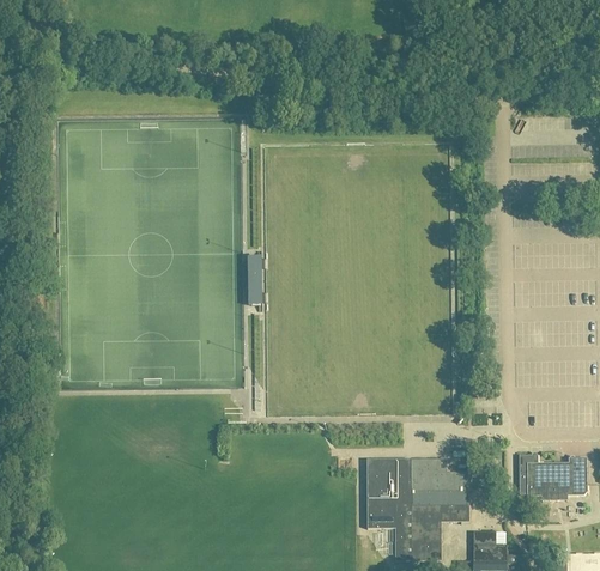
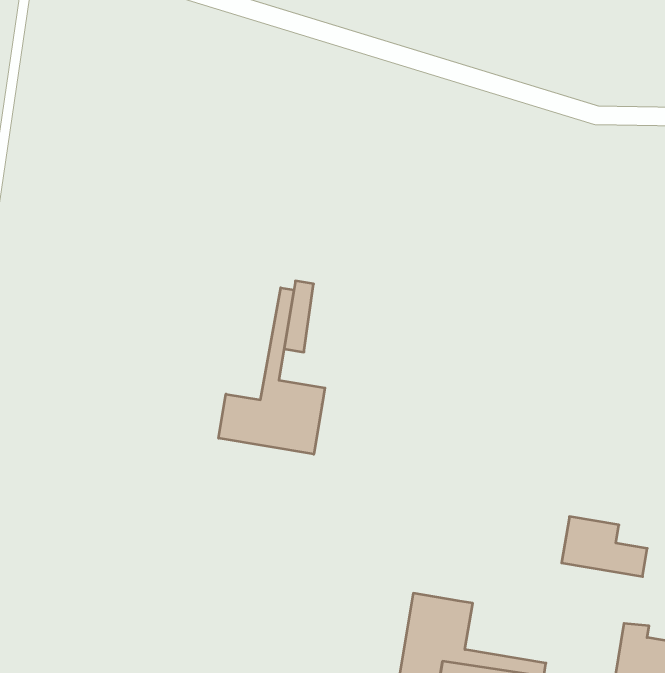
building: none -> [219,288,325,454]
building: [410,458,468,492] -> [562,517,647,577]

